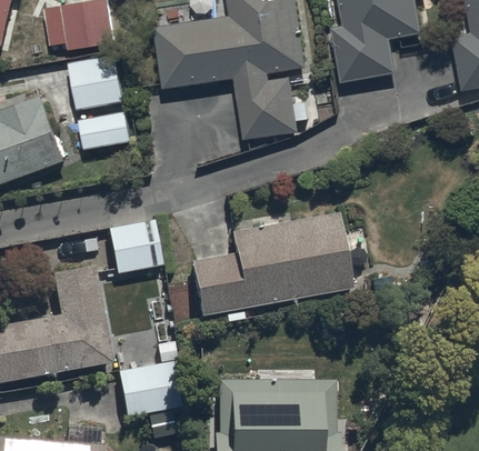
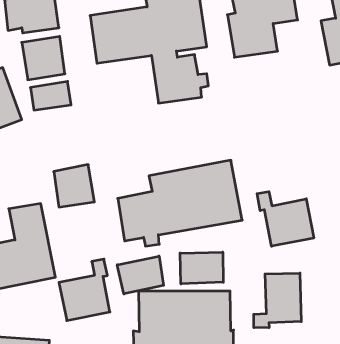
building: none -> [257,192,314,246]
building: none -> [180,252,223,284]
building: none -> [117,256,164,294]
building: none -> [254,273,301,328]

